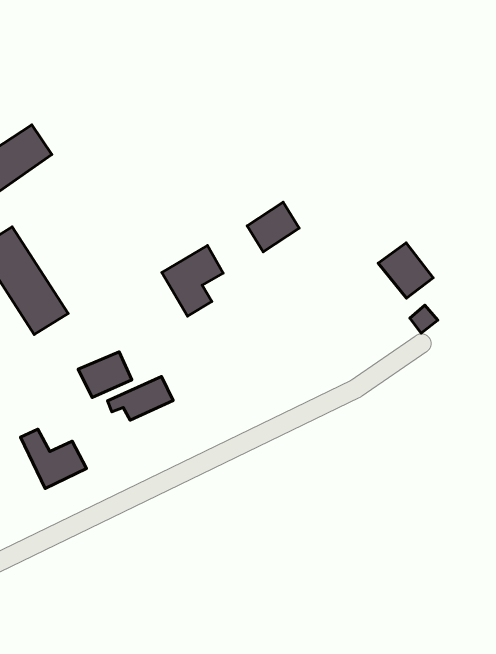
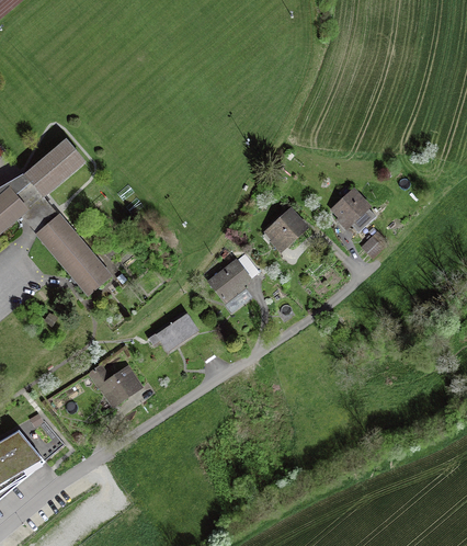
building: [247,202,299,252] -> [266,213,305,251]
building: [162,246,223,316] -> [209,255,254,309]
building: [78,352,132,398] -> none

